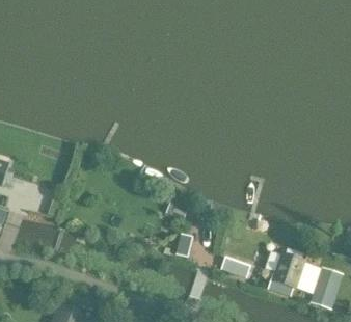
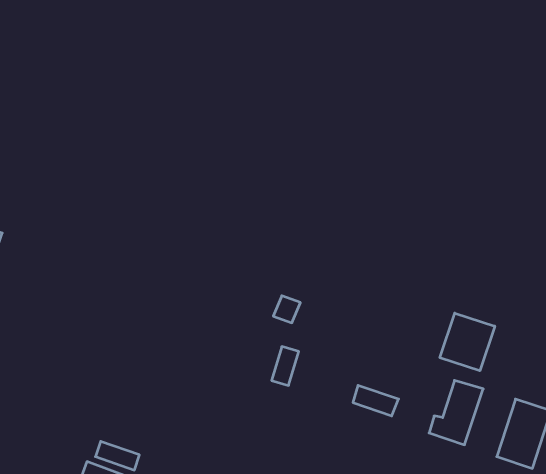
building: none -> [440,313,495,371]

